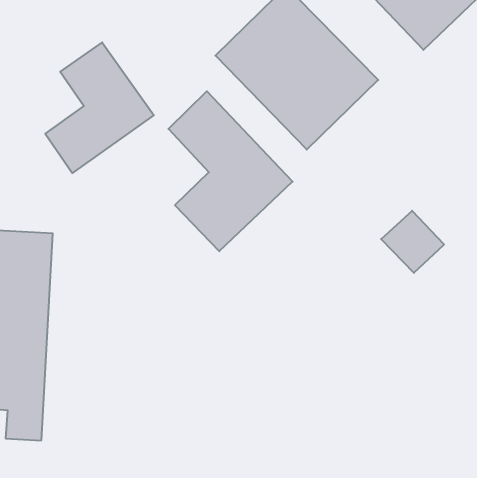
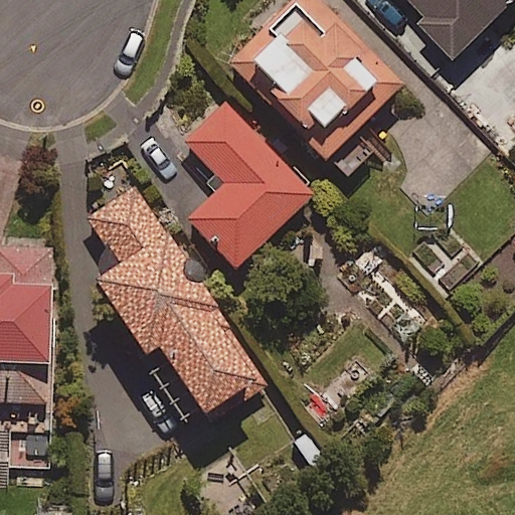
building: [45,42,154,173] -> none
building: none -> [89,187,261,416]

